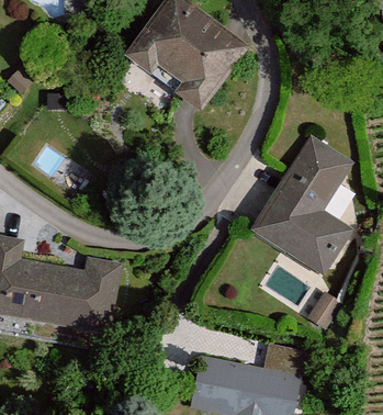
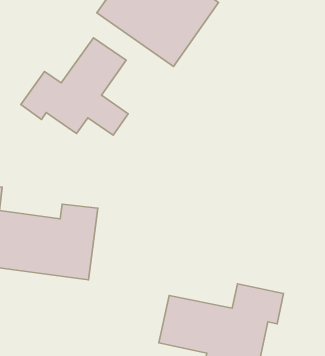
building: none -> [21,38,128,135]
building: [250,133,354,277] -> none

